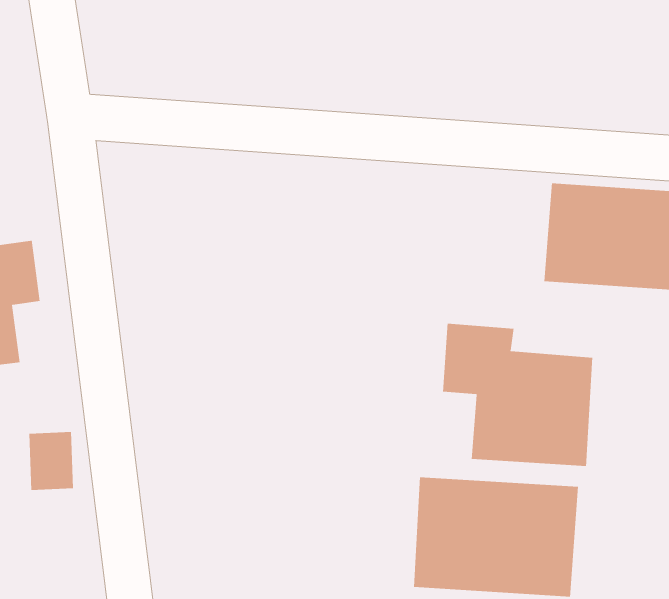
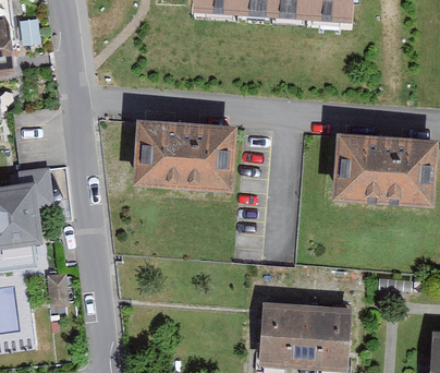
building: none -> [130,123,229,190]
building: [442,323,593,467] -> none

